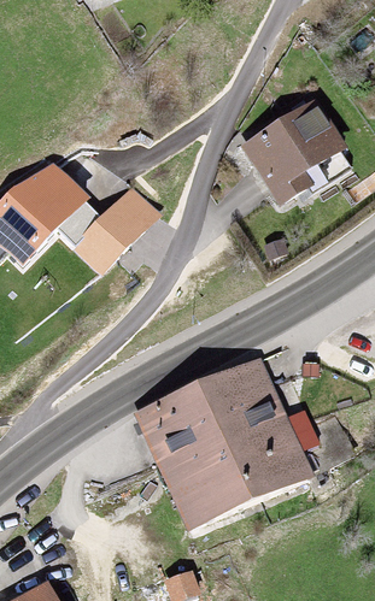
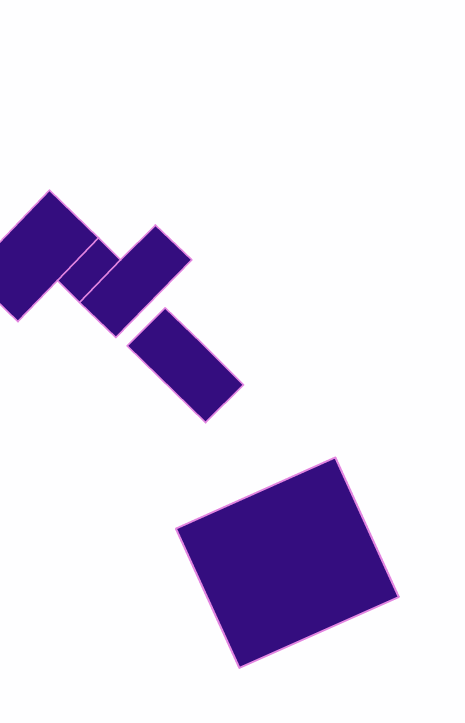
building: [245,107,350,206] -> none
building: none -> [127,308,243,423]

